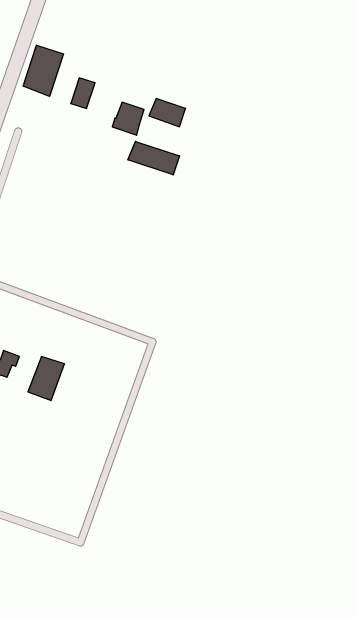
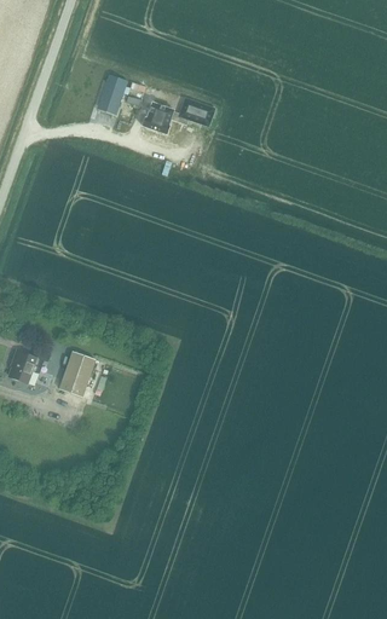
building: [23,45,63,96] -> none
building: [128,141,179,175] -> none

